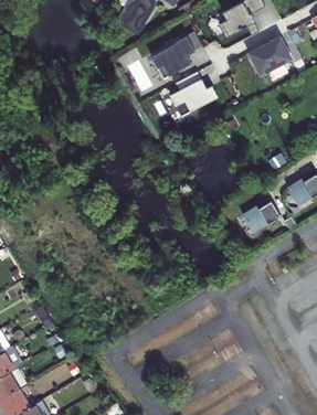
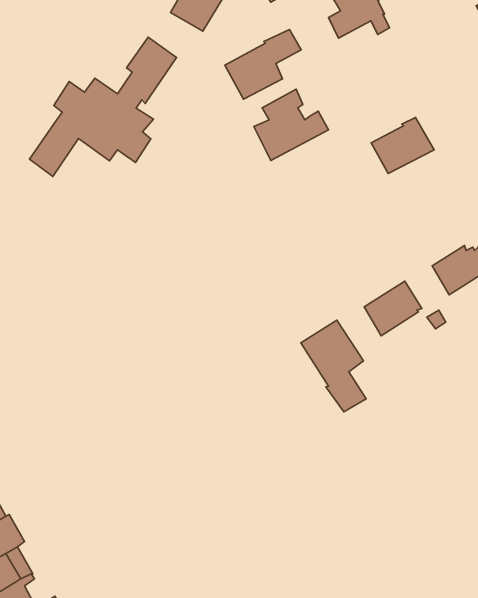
building: [250,36,290,73] -> [371,117,434,174]
building: none -> [29,37,176,176]
building: none -> [301,320,366,412]

